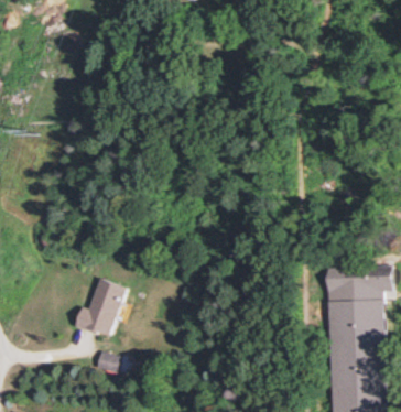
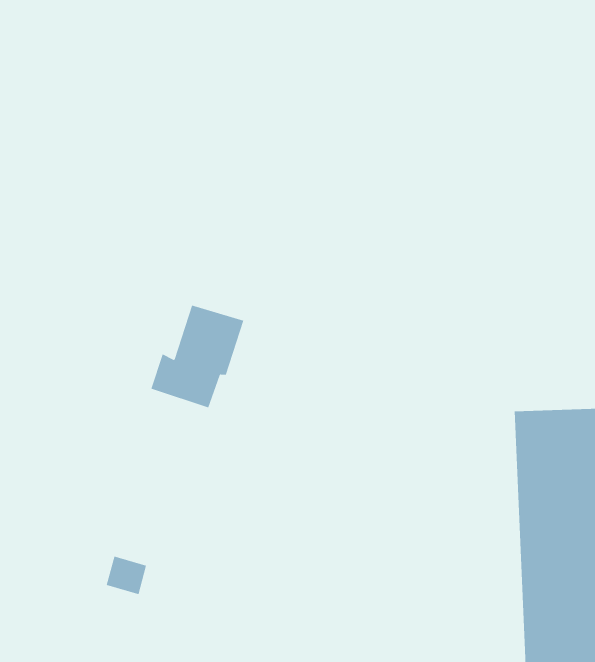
building: [74,279,127,337] -> [150,305,244,408]

